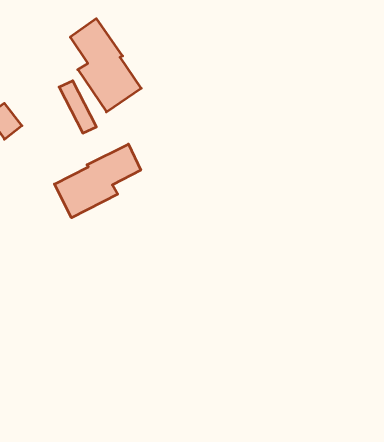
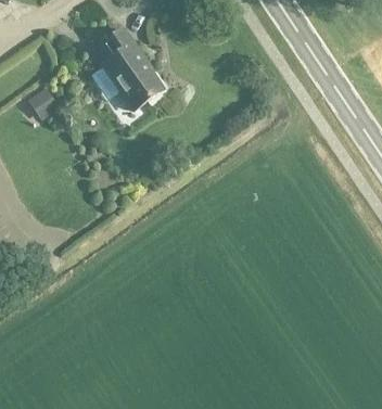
building: [54,144,141,218] -> none

